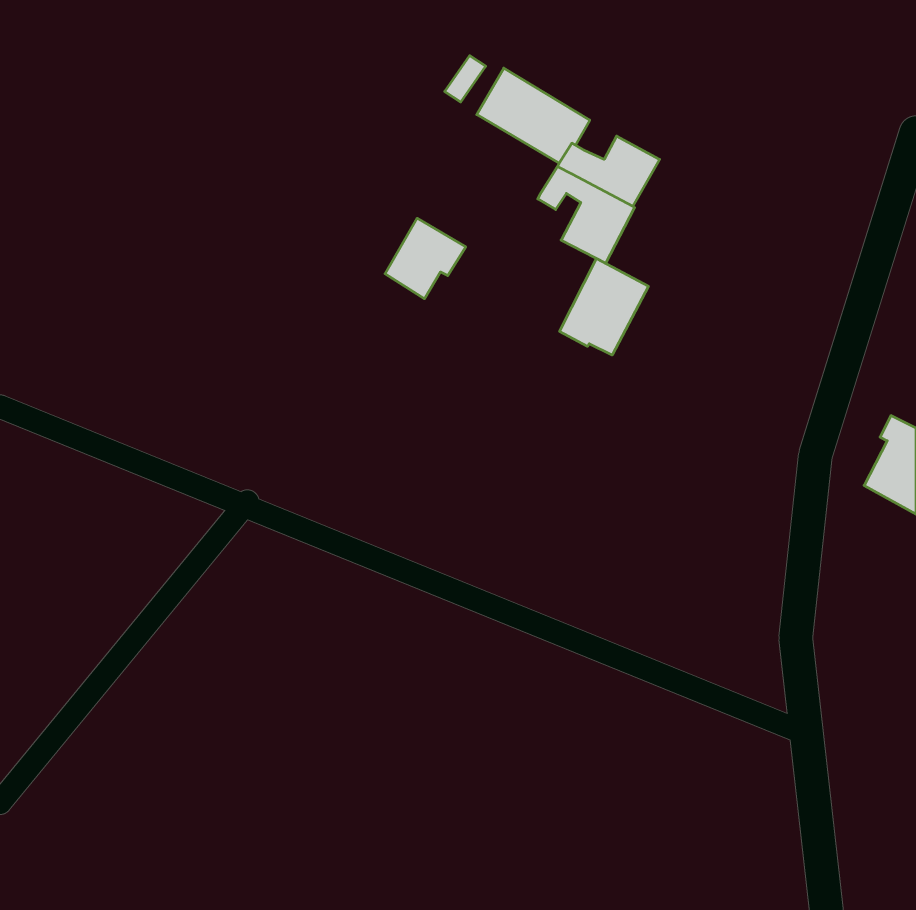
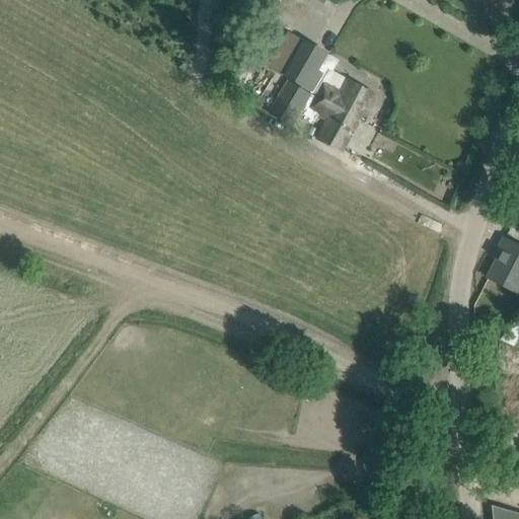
building: [385,218,466,299] -> [270,78,315,124]
building: [560,259,648,355] -> none

